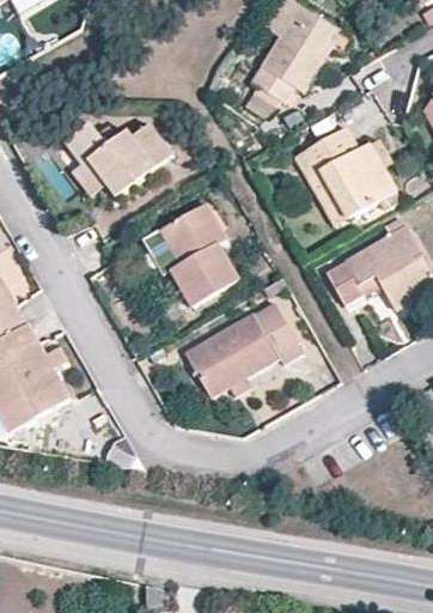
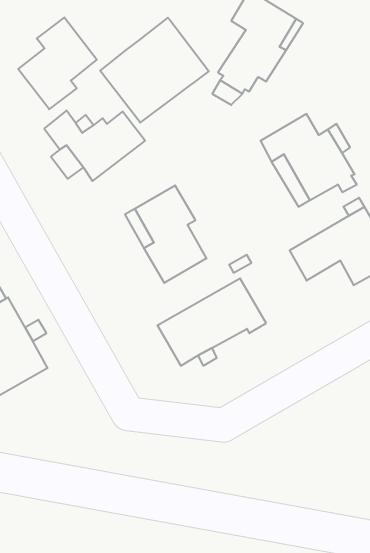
building: none -> [18,17,97,109]
building: none -> [100,18,209,123]

